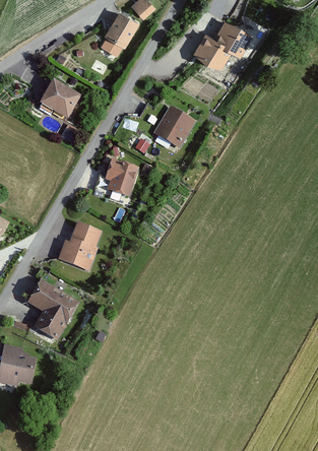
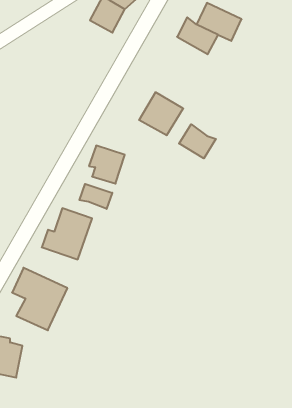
building: [37,80,80,119] -> none
building: none -> [179,124,216,158]
building: none -> [79,184,112,209]

